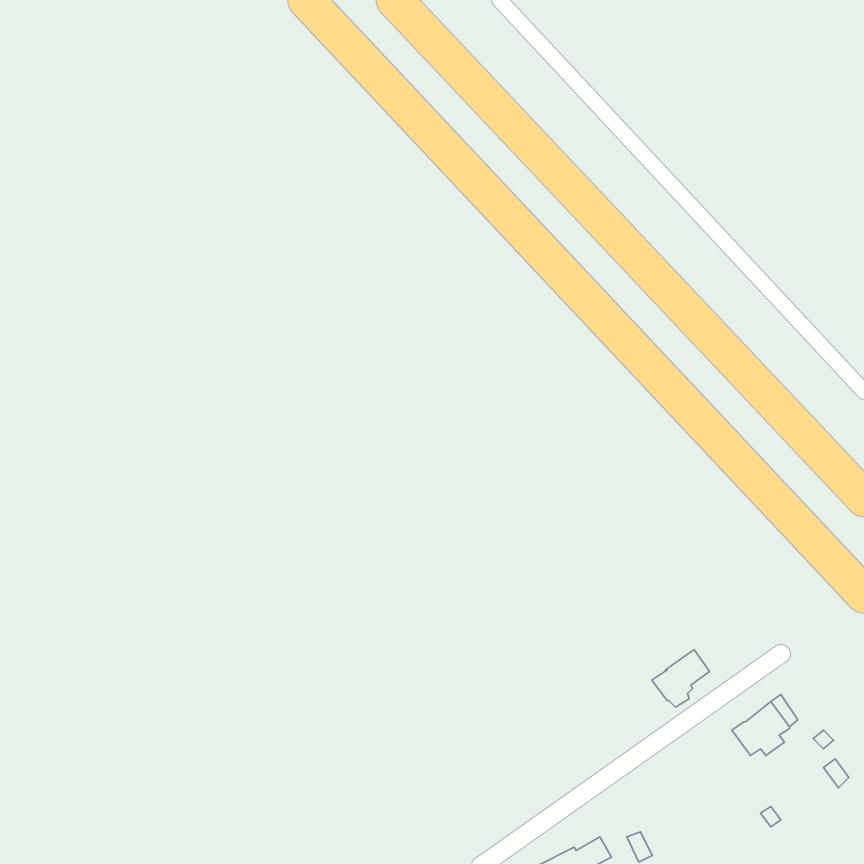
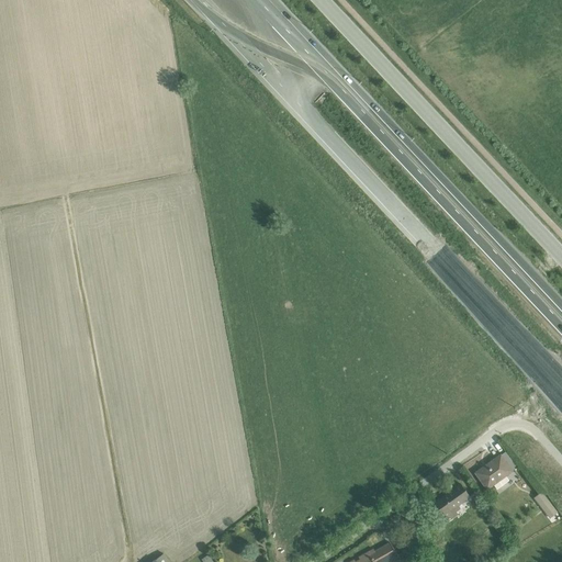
building: [652,650,710,707] -> [432,484,470,521]

